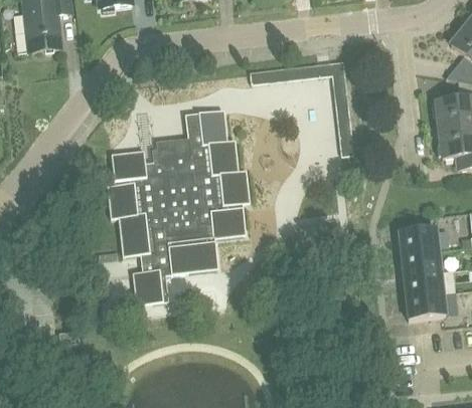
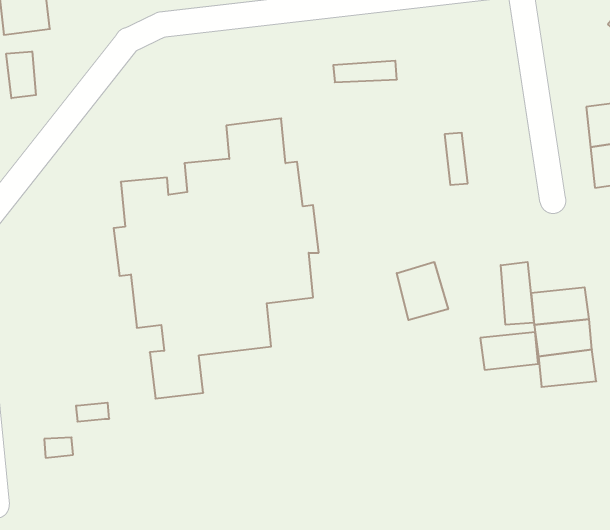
building: none -> [6,51,36,98]
building: none -> [397,262,448,320]
building: none -> [501,262,534,325]
building: [405,291,445,318] -> [480,332,538,370]

